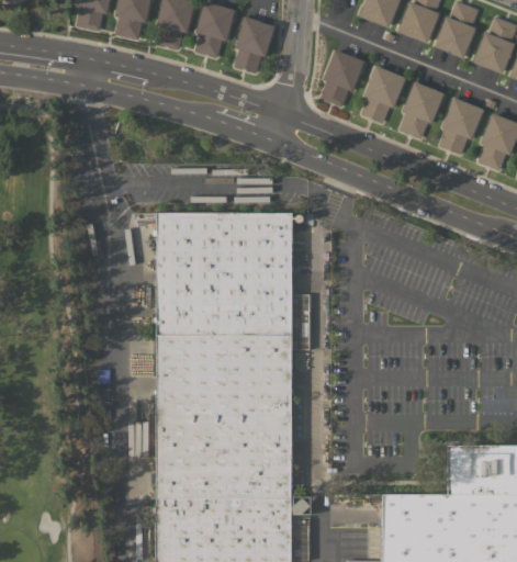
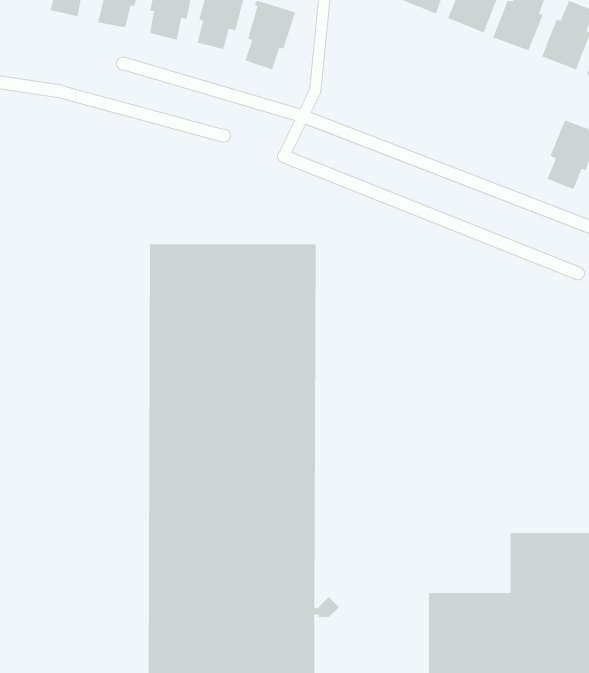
building: [321,49,364,106] -> none
building: [361,66,406,123] -> none
building: [400,81,443,139] -> none
building: [439,98,483,154] -> none

